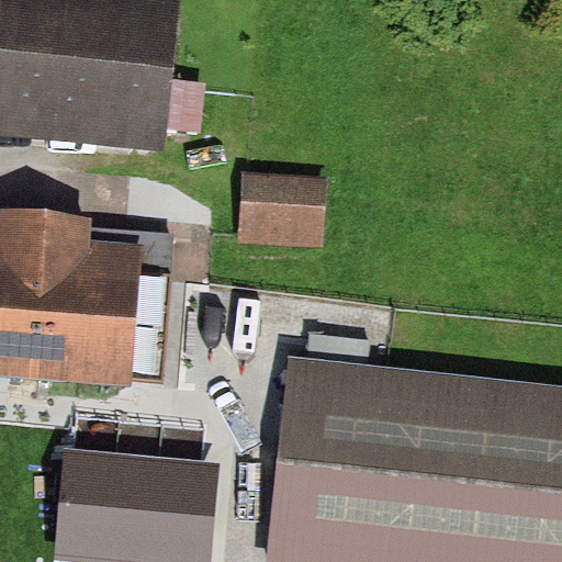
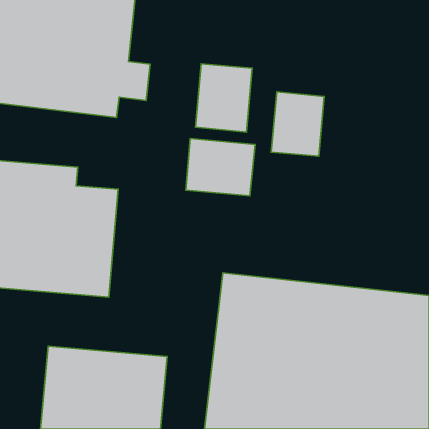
building: none -> [196,64,252,132]
building: none -> [271,92,324,156]

